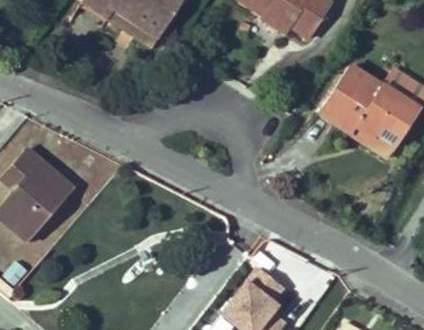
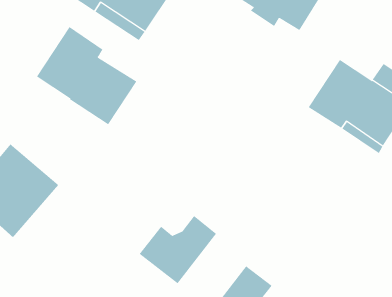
building: none -> [36,26,137,125]
building: none -> [139,215,217,284]

